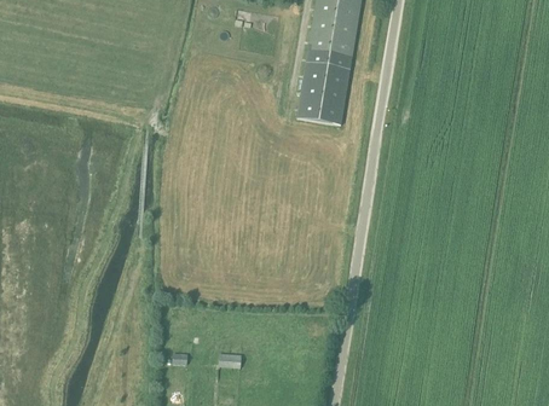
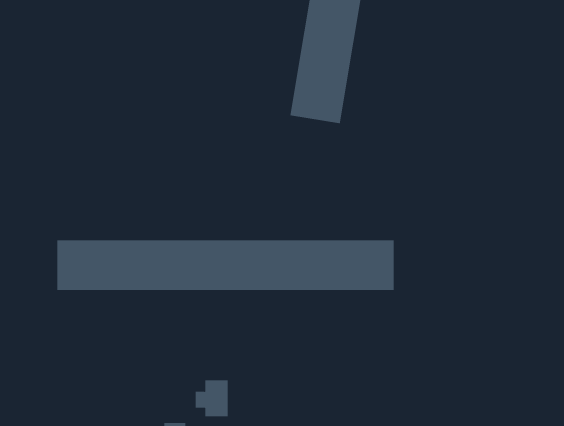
building: none -> [57,239,394,291]

